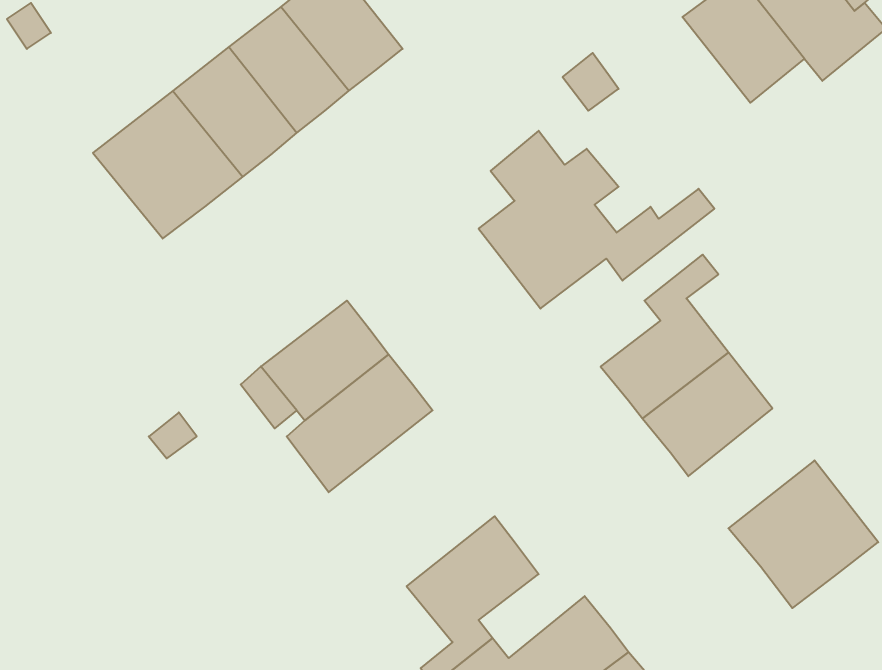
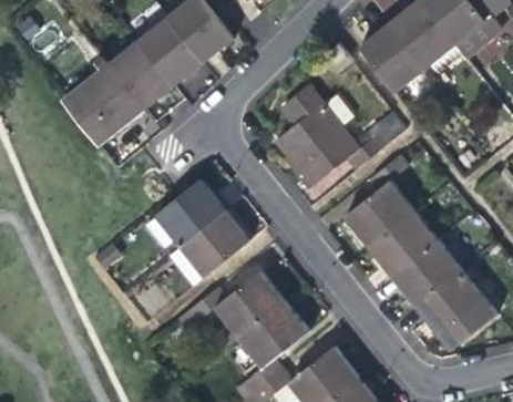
building: none -> [359,22,427,93]
building: none -> [392,239,462,306]
building: none -> [176,270,285,338]

